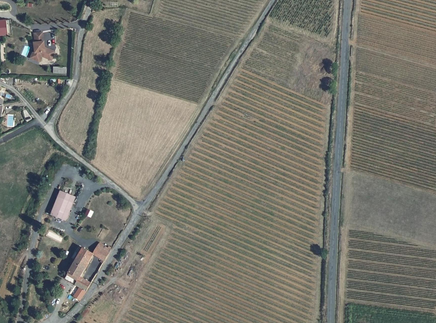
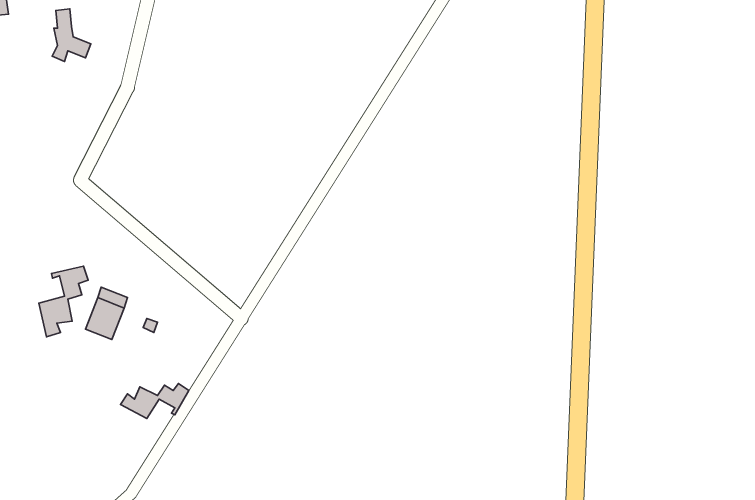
building: none -> [39,266,88,337]
building: [64,257,90,299] -> none

